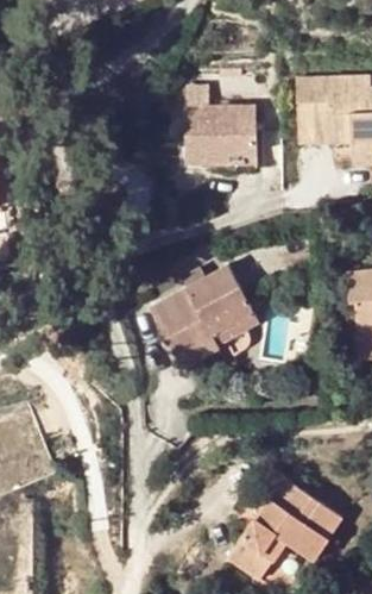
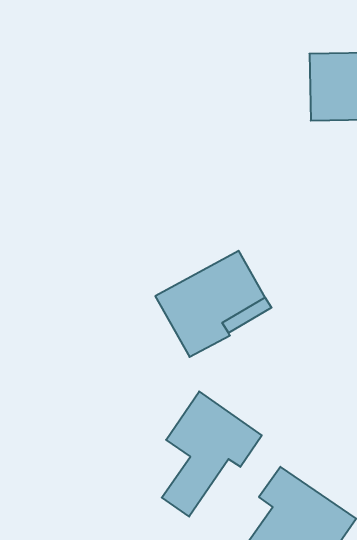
building: [188,107,261,171] -> none
building: none -> [162,391,262,517]

